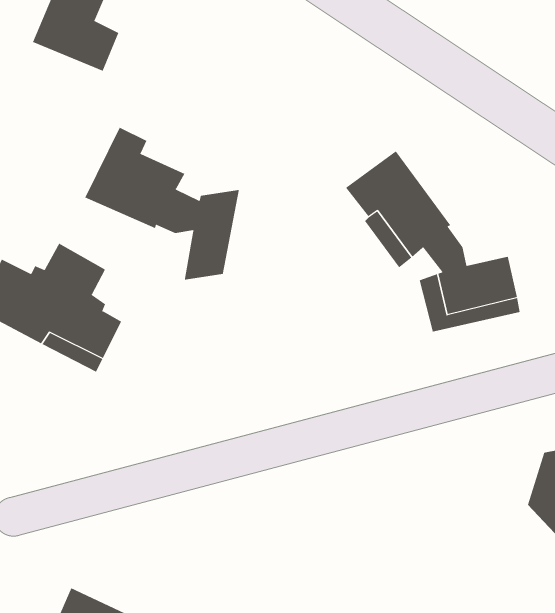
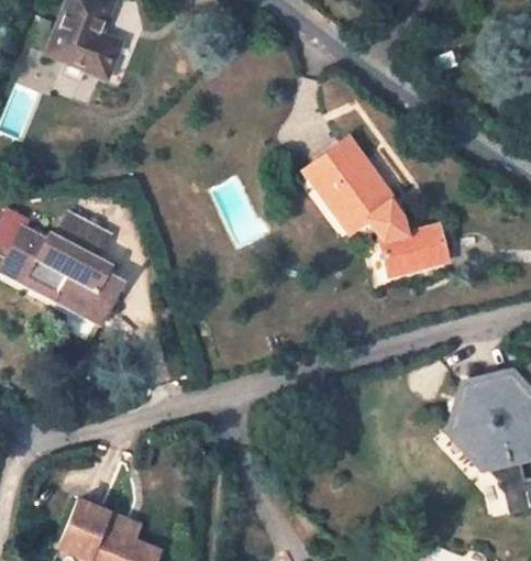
building: [85,127,239,280] -> none

